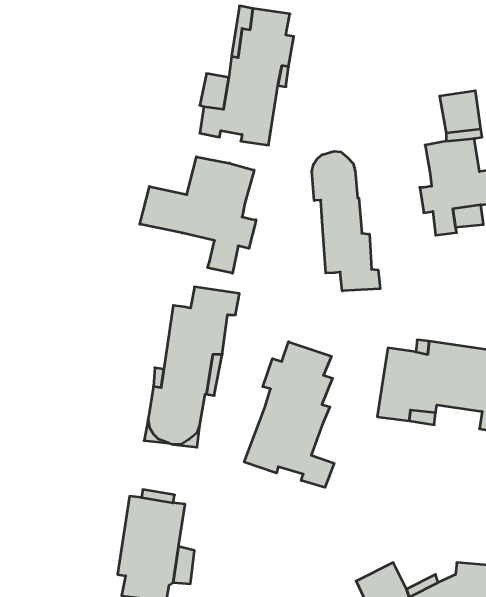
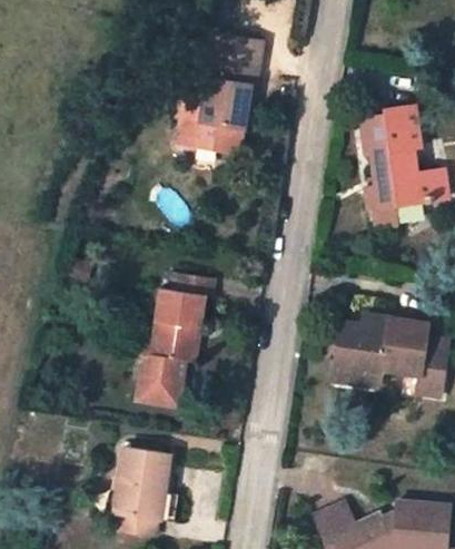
building: [312,151,380,291] -> none
building: [140,157,256,273] -> none
building: [244,342,334,487] -> none

